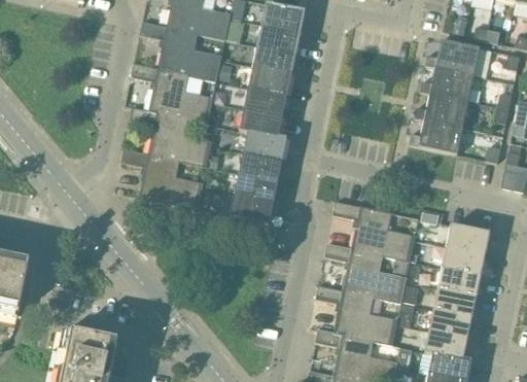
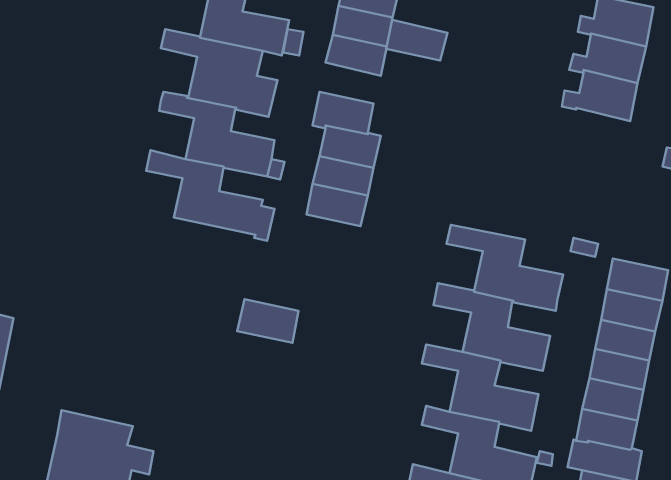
building: [244,85,287,114] -> [386,20,448,61]
building: [409,117,463,153] -> none
building: [230,193,273,223] -> [237,299,298,343]

